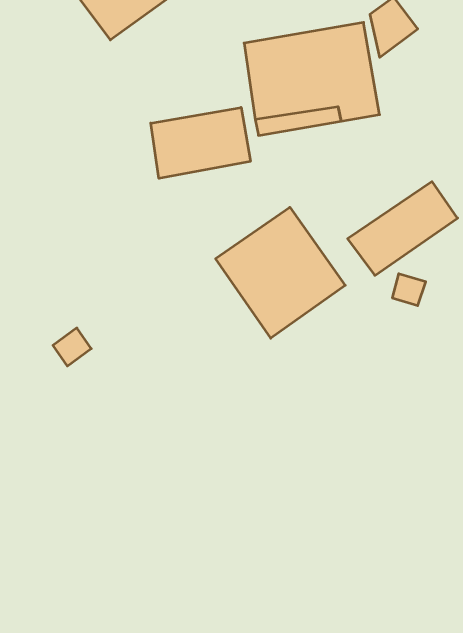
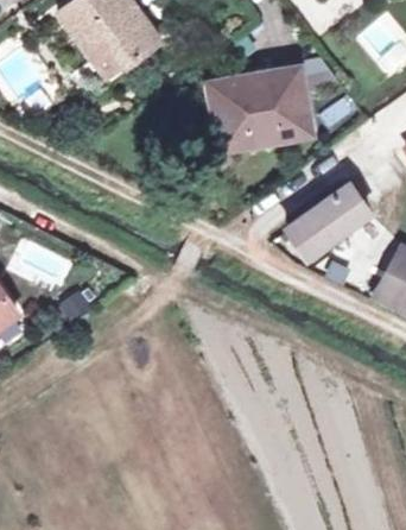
building: [151,107,250,178] -> none
building: [216,207,345,338] -> none

